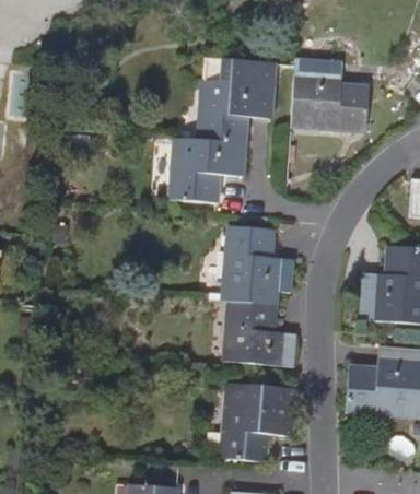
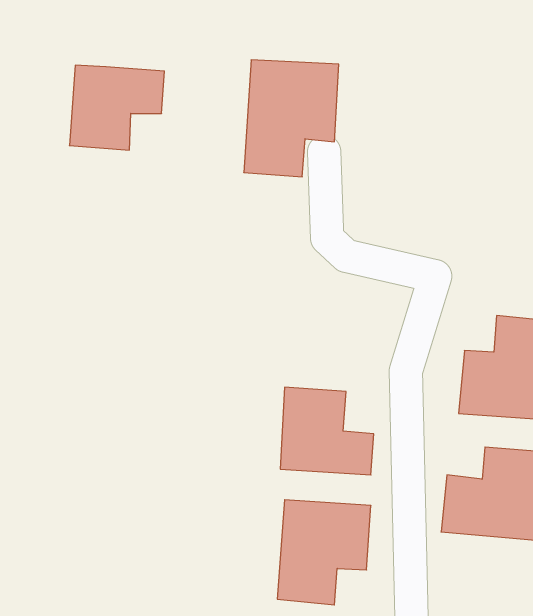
building: [292,59,365,128] -> none
building: [171,138,242,201] -> [69,65,164,150]
building: [224,226,293,303] -> none

